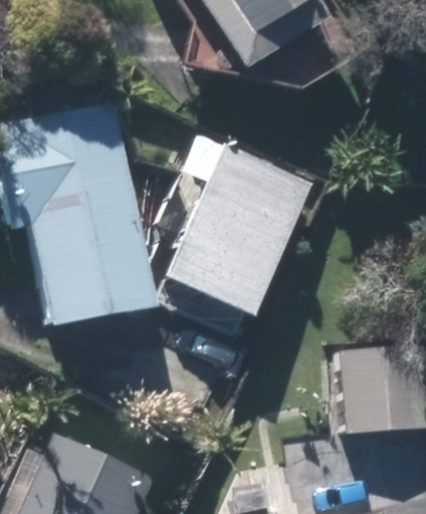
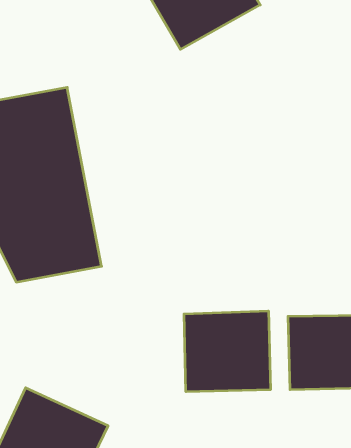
building: [161,144,315,316] -> none
building: none -> [184,311,270,392]

